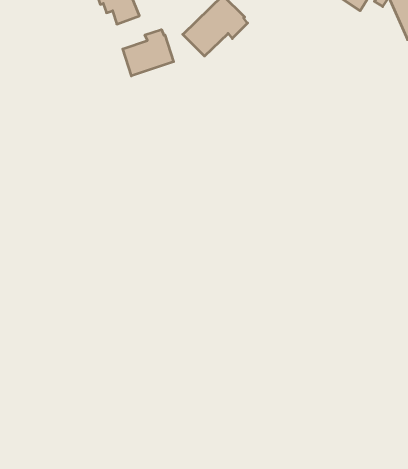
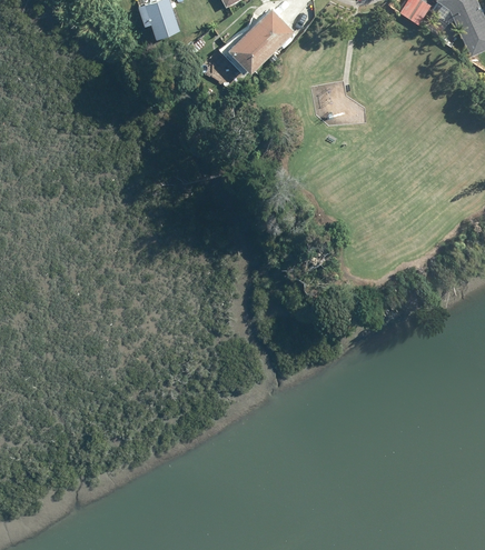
building: [123,30,174,76] -> none

